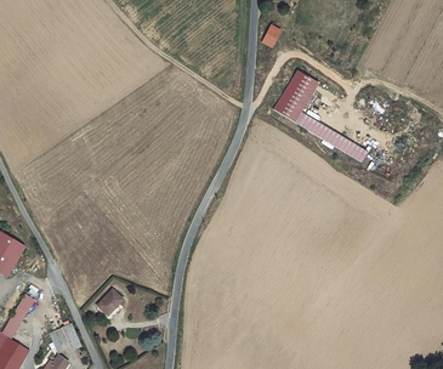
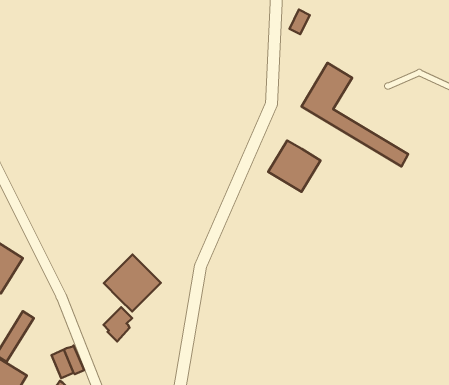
building: none -> [268,140,320,192]
building: none -> [104,254,161,311]

